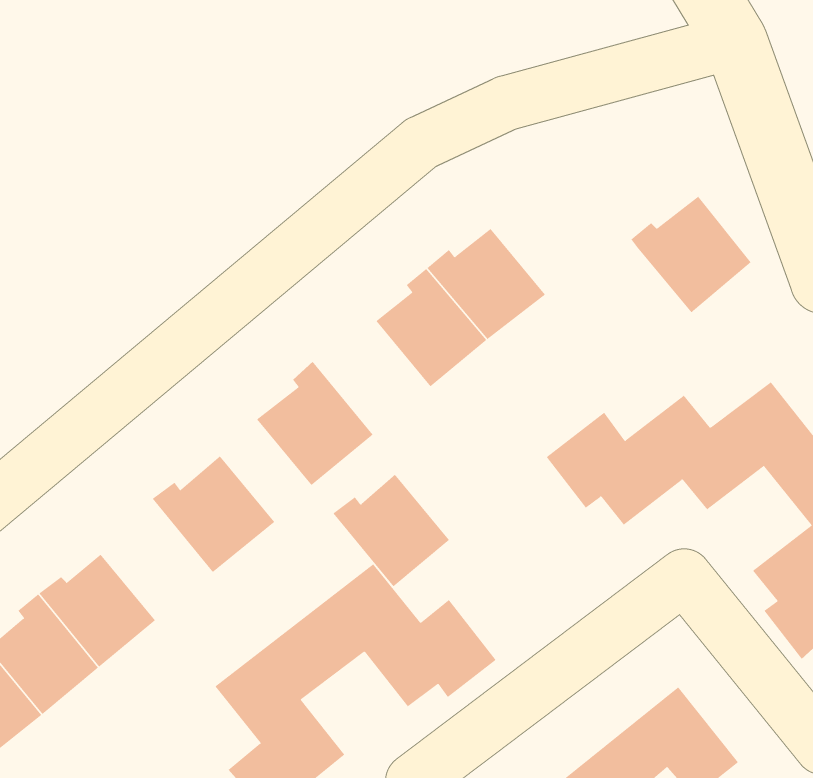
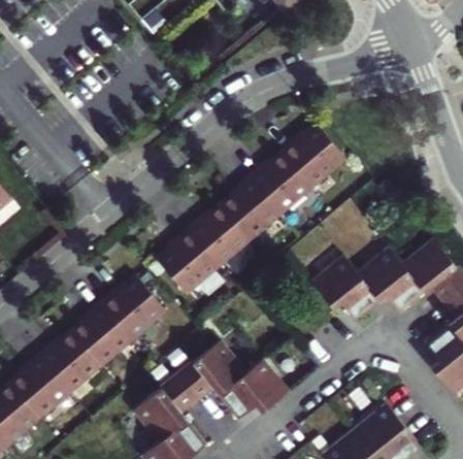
building: [630,196,752,313] -> [280,127,346,191]
building: [333,474,450,587] -> [187,205,251,267]
building: none -> [71,302,132,368]

